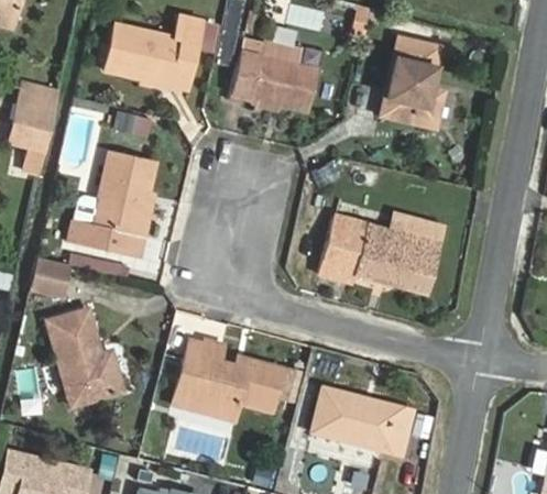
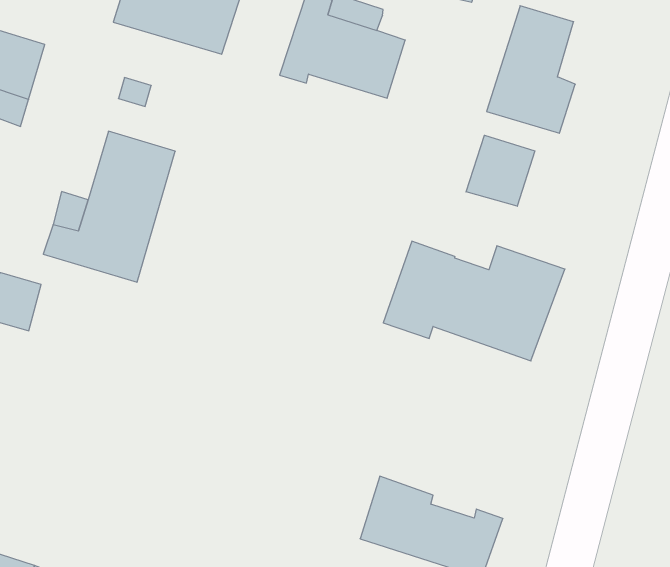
building: none -> [466,135,535,206]
building: [47,308,123,406] -> none
building: [175,340,283,419] -> none

